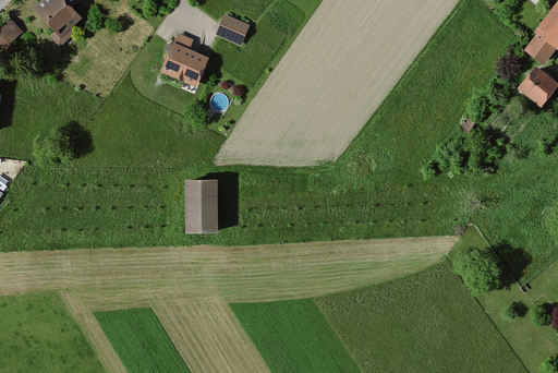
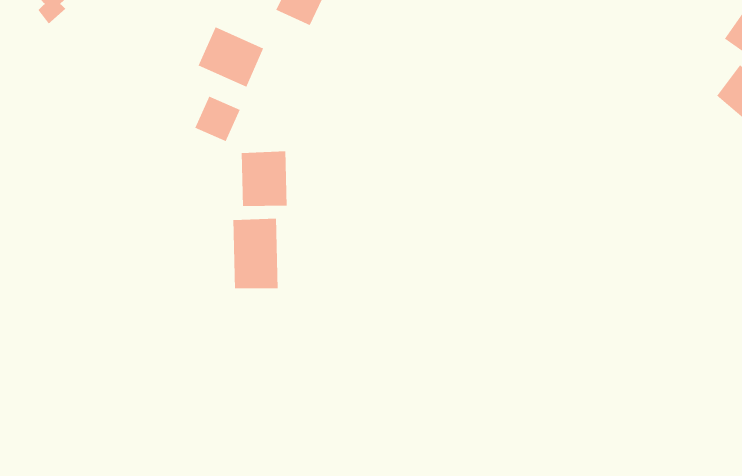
building: none -> [194,95,241,142]
building: none -> [241,151,287,207]

